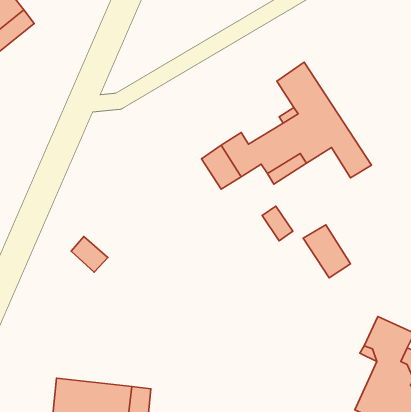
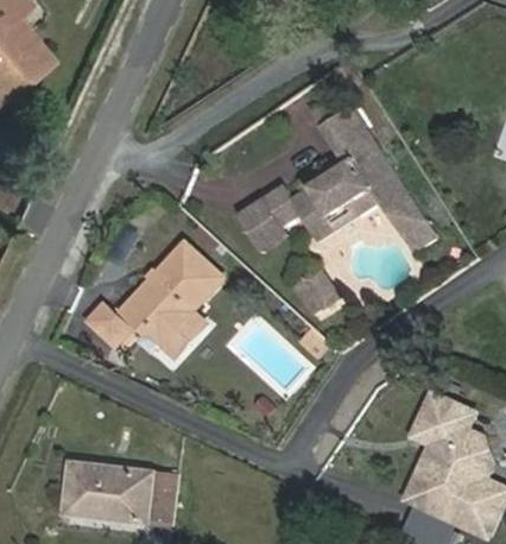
building: none -> [122,242,223,356]
building: [303,225,350,278] -> none

